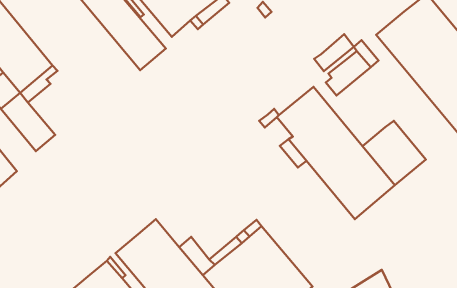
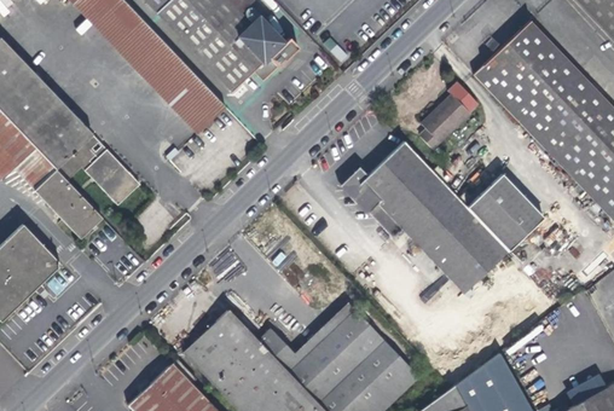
building: [314,34,354,71] -> none
building: none -> [85,150,140,205]
building: none -> [349,179,383,213]

